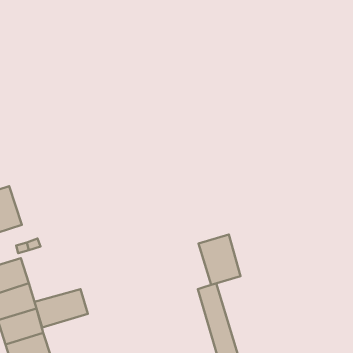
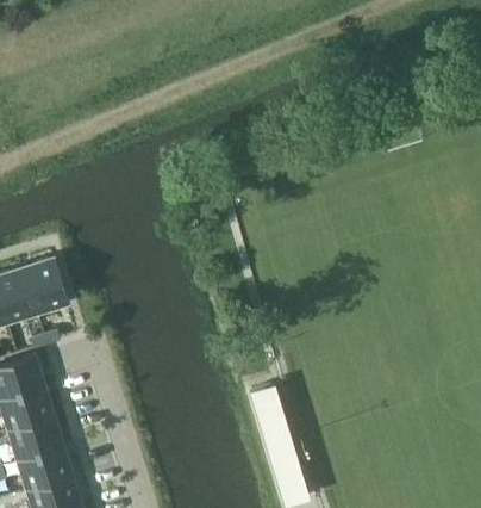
building: none -> [21,256,68,314]
building: [198,234,241,285] -> none
building: [35,289,88,327] -> none

